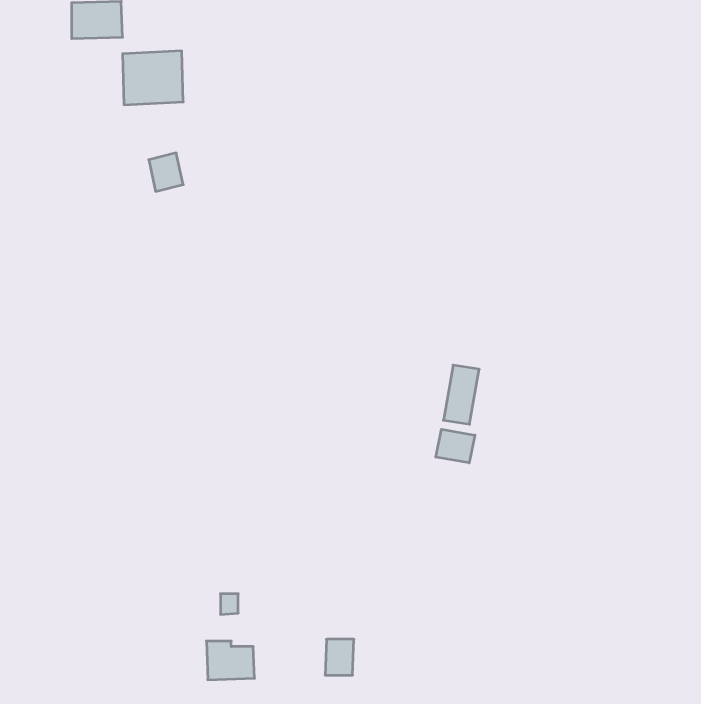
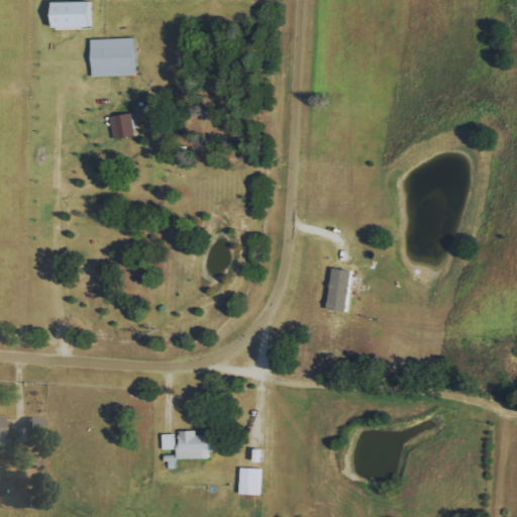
building: [436,429,475,463] -> none
building: [206,641,255,680] -> [177,431,212,459]

